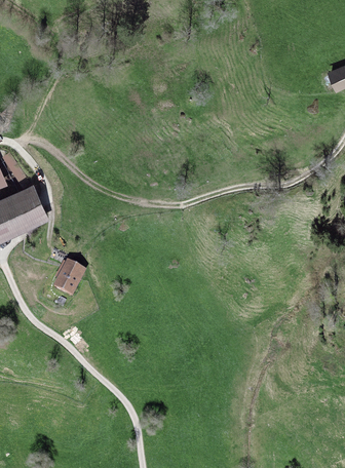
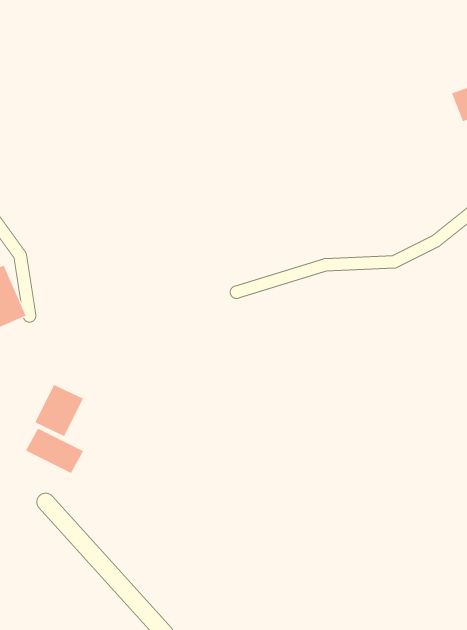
building: none -> [25,428,84,474]

